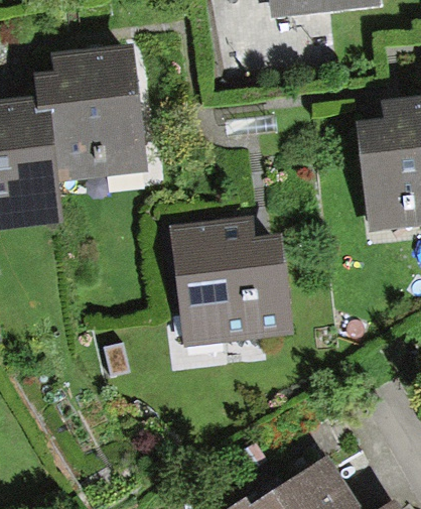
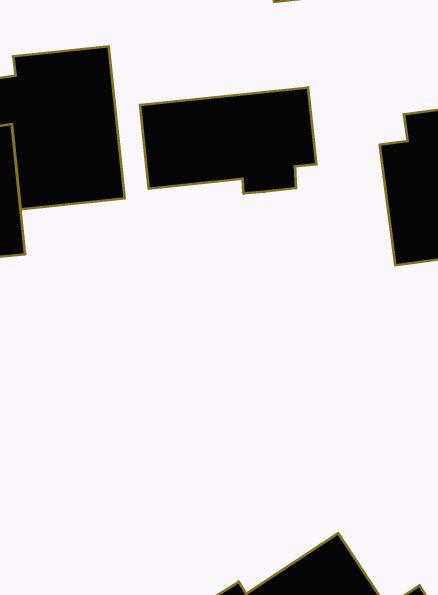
building: none -> [140,87,316,194]
building: [169,219,290,345] -> none

